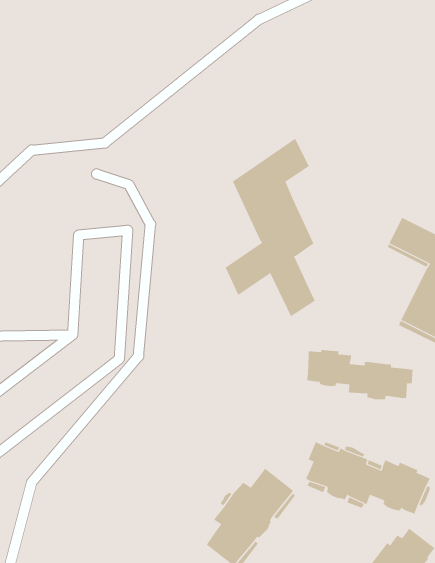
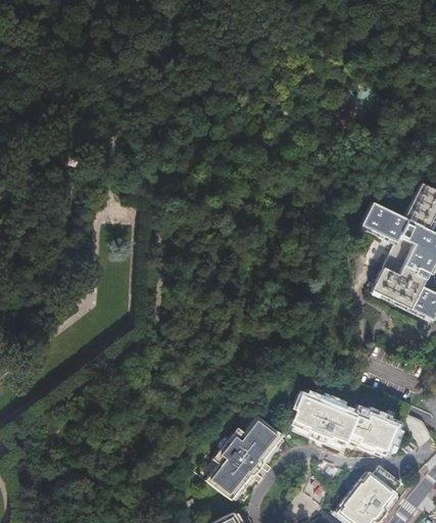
building: [225,138,315,317] -> none
building: [307,349,413,400] -> none

